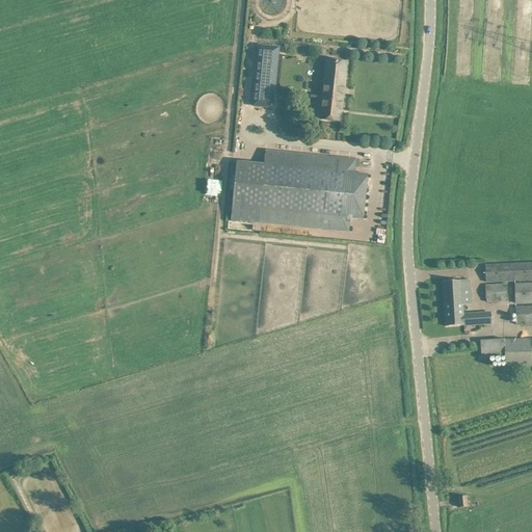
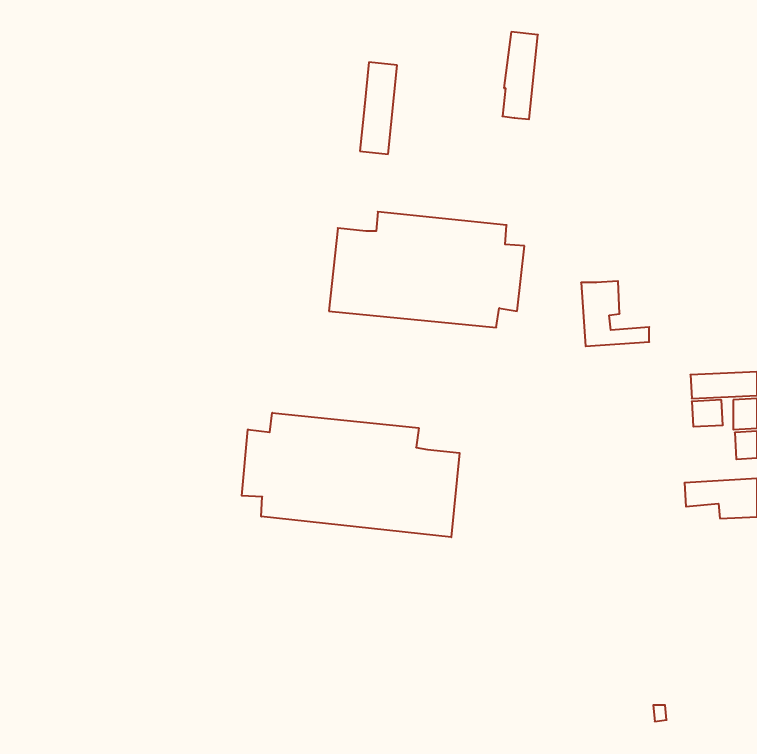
building: [321,58,346,119] -> [502,32,538,119]
building: [443,278,490,324] -> [581,281,649,346]
building: none -> [242,413,460,537]

